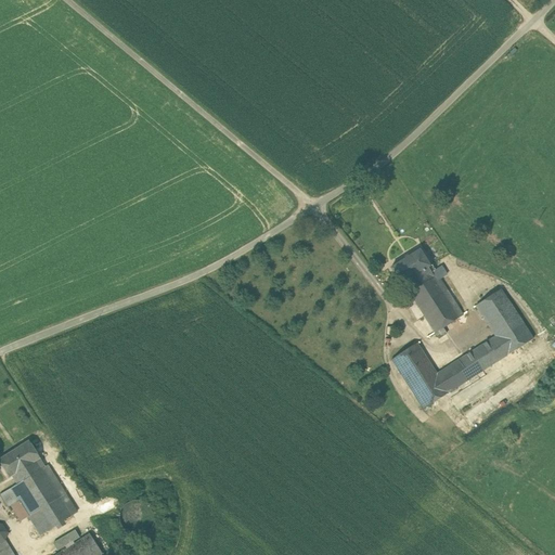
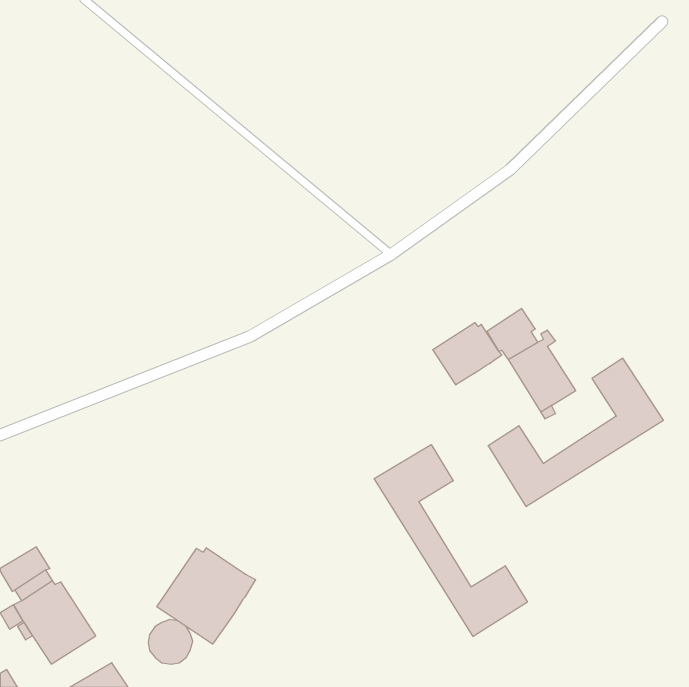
building: none -> [433,323,502,385]
building: none -> [374,445,527,636]
building: none -> [157,548,256,644]

